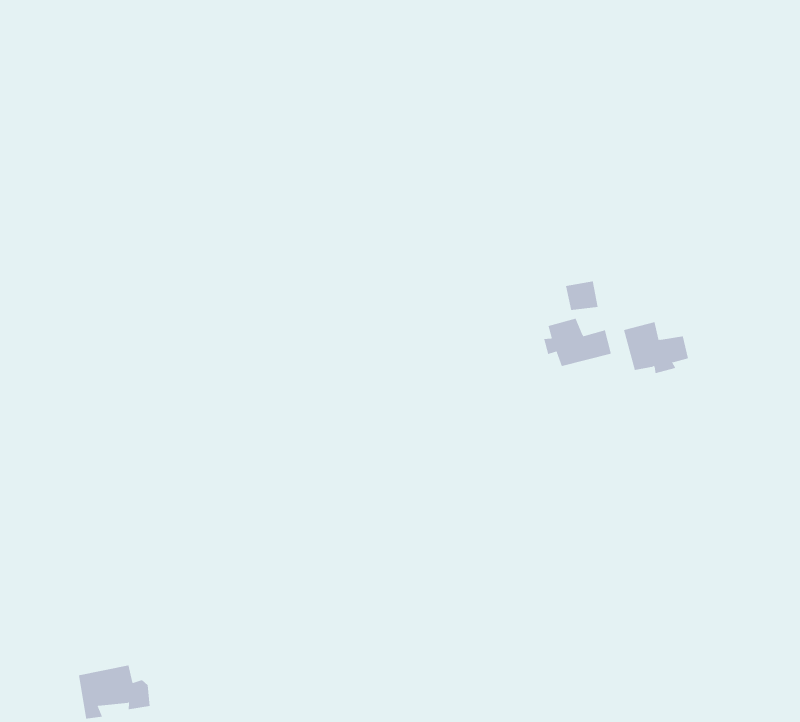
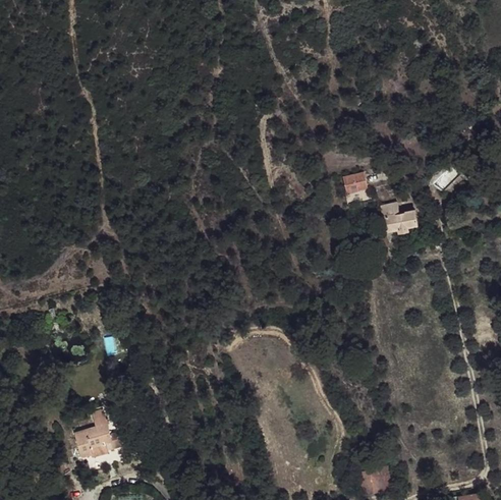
building: [544,318,612,367] -> none

